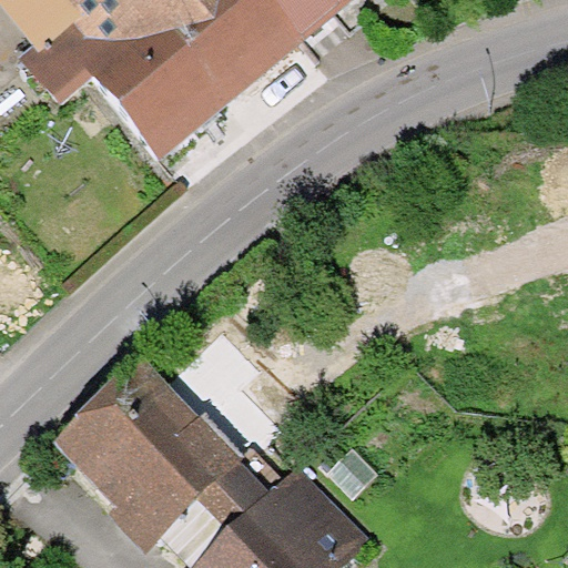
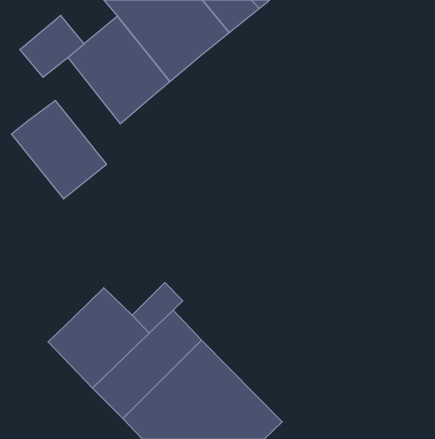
building: none -> [12,100,106,199]

